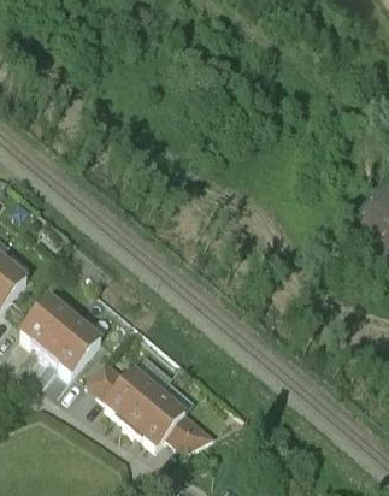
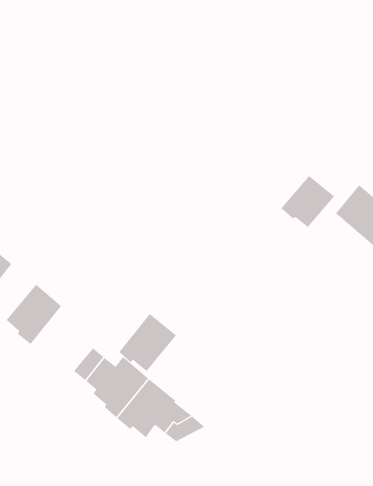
building: none -> [280,175,335,228]
building: [42,315,99,372] -> [118,313,177,372]

